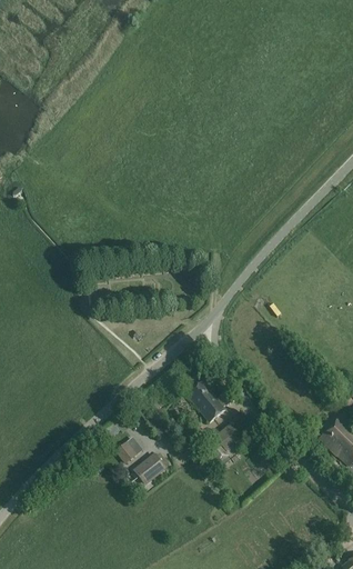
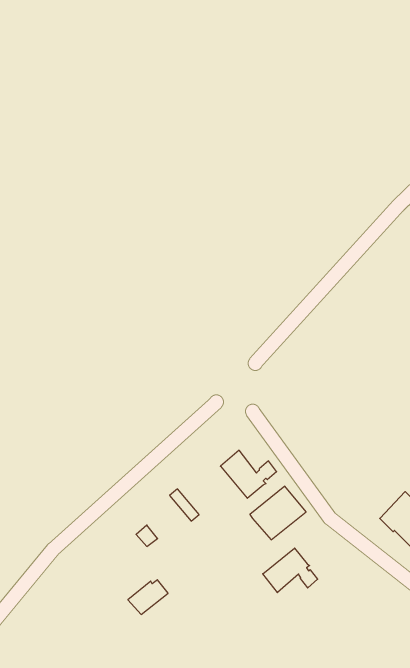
building: [134,455,168,483] -> [128,580,168,614]
building: none -> [263,548,318,593]

